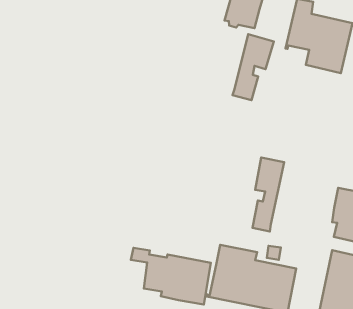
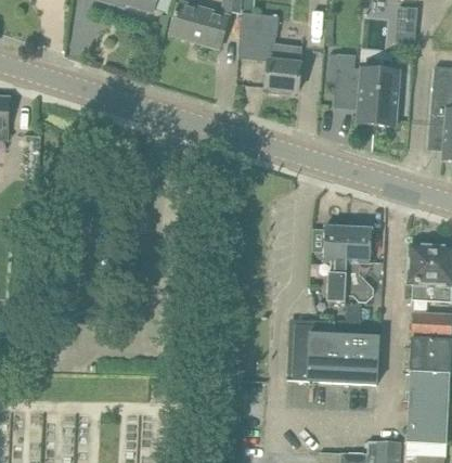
building: [233,34,274,100] -> none
building: none -> [345,227,372,300]
building: [131,248,211,305] -> none

